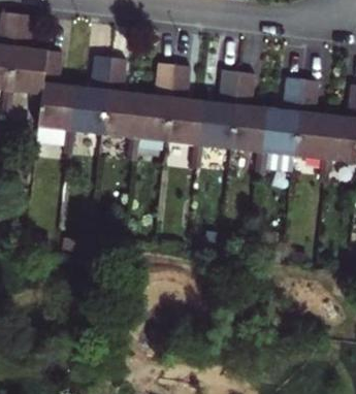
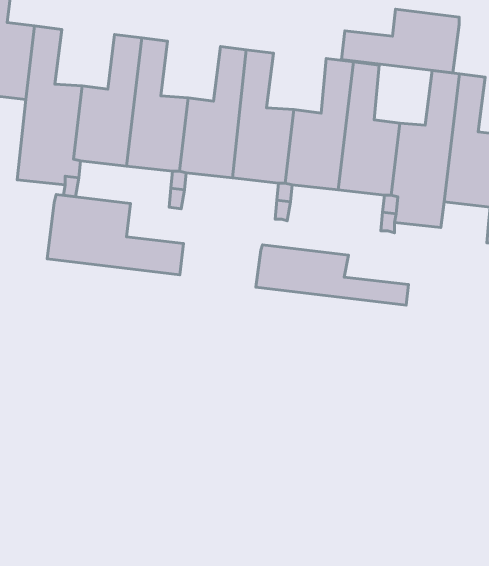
building: none -> [342,9,459,73]
building: none -> [47,194,183,275]
building: none -> [256,245,408,305]

